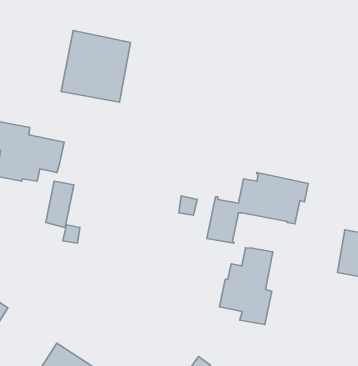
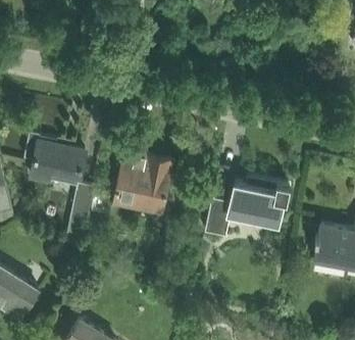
building: [61,30,131,102] -> [113,150,171,210]
building: [220,248,273,325] -> none

